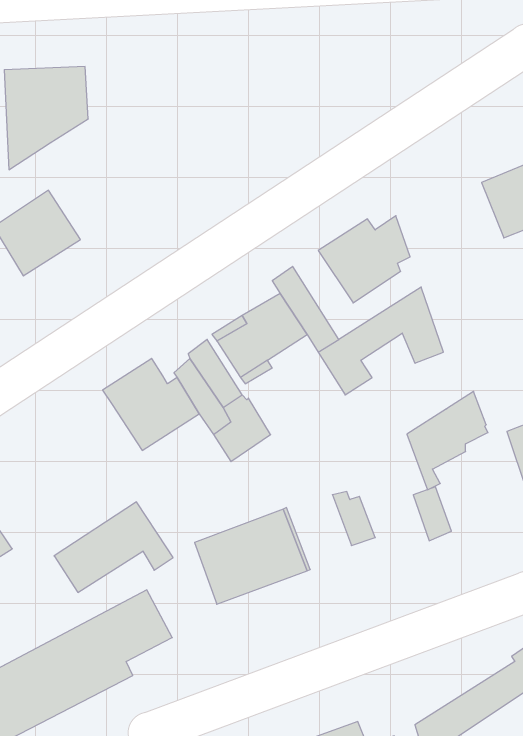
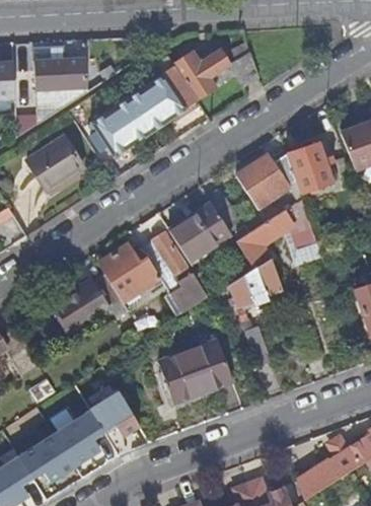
building: none -> [92,42,259,155]
building: none -> [286,142,335,194]
building: [407,391,488,490] -> [228,257,280,319]
building: [54,502,173,592] -> [52,274,128,332]

